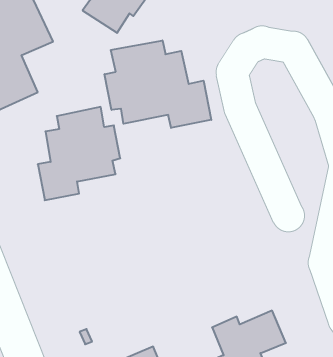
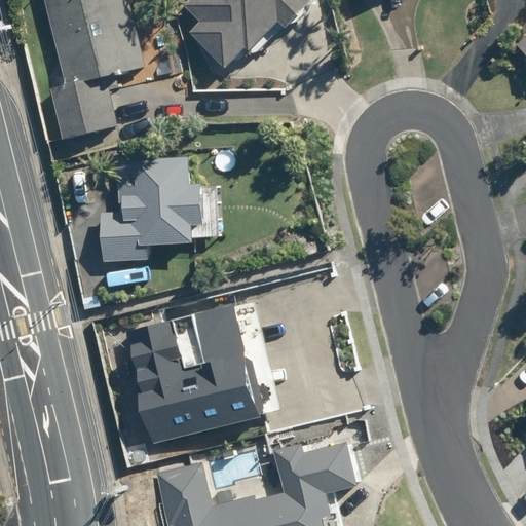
building: [105,40,211,128] -> none
building: none -> [122,304,260,444]

